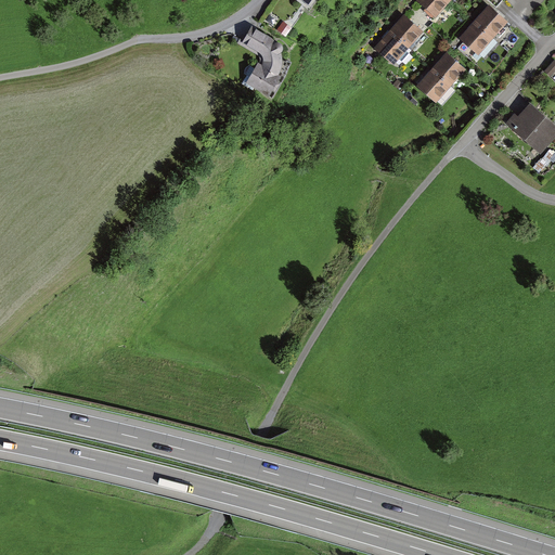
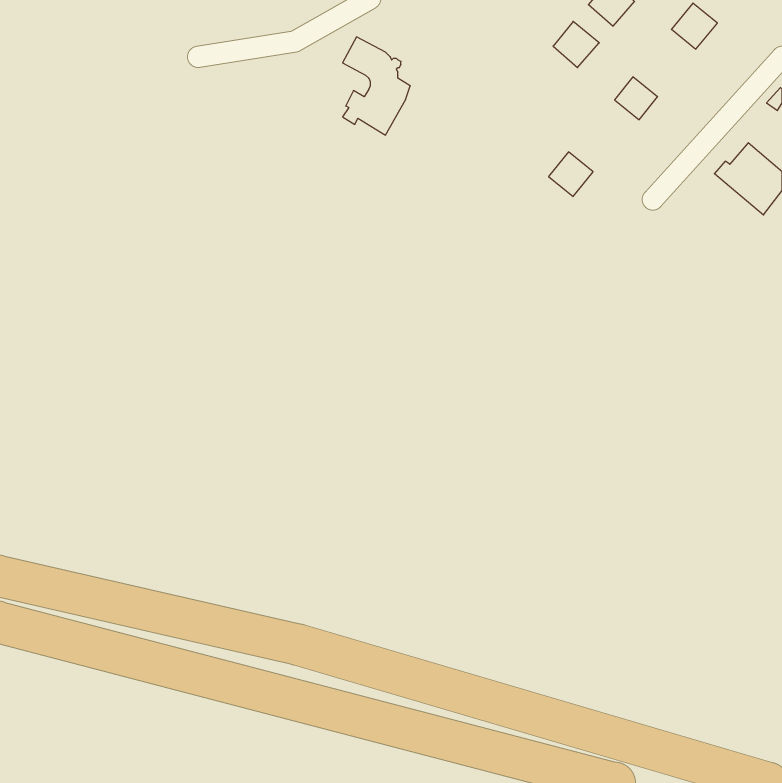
building: [460,21,491,53] -> none
building: [376,33,408,65] -> none
building: [420,70,451,102] -> [549,152,593,196]

